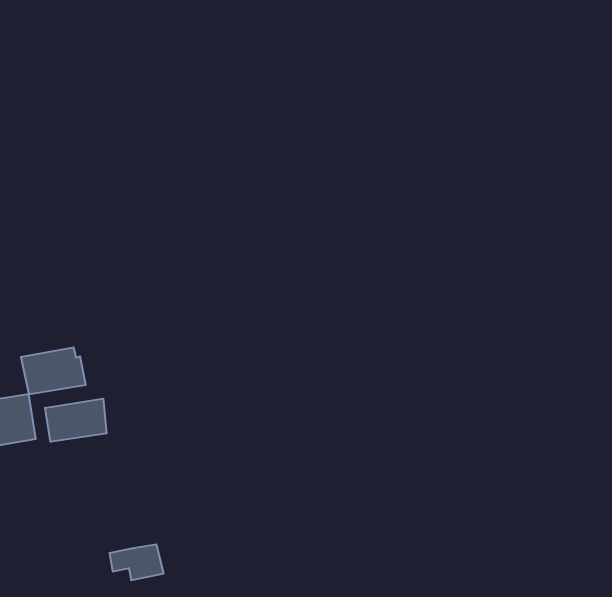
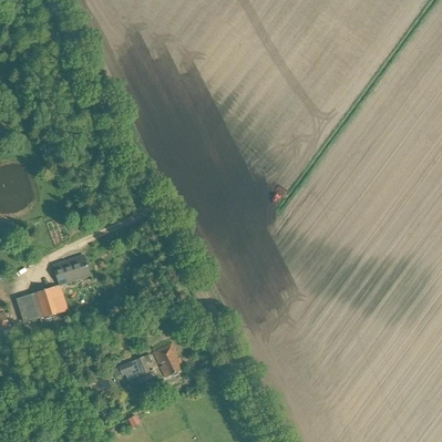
building: [45,399,107,442] -> none
building: none -> [153,343,182,377]

